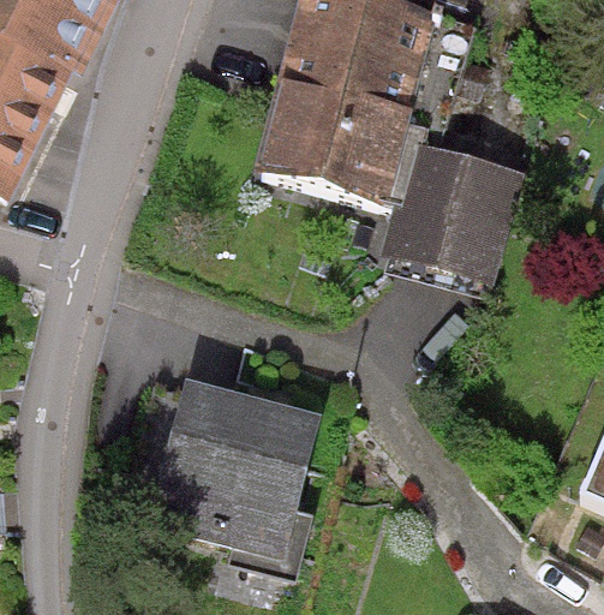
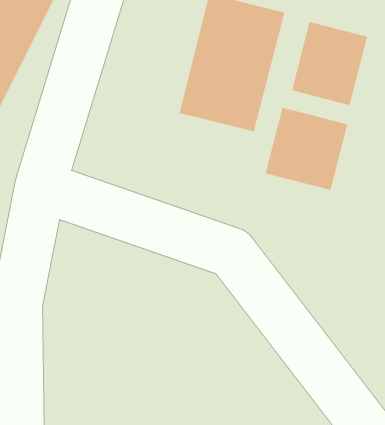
building: none -> [291,21,368,106]
building: [157,396,309,550] -> none

